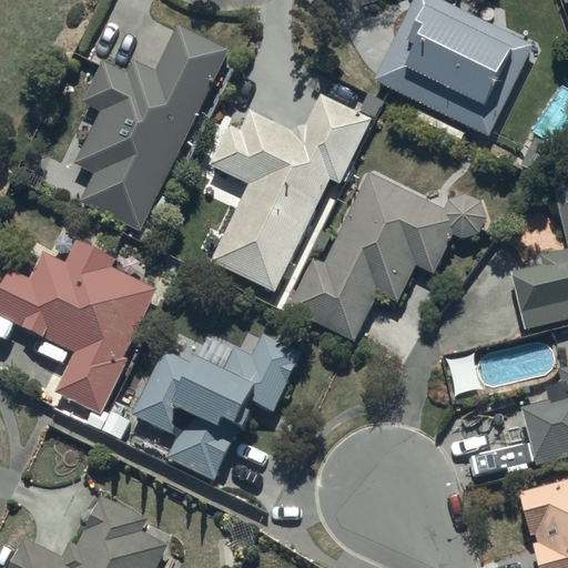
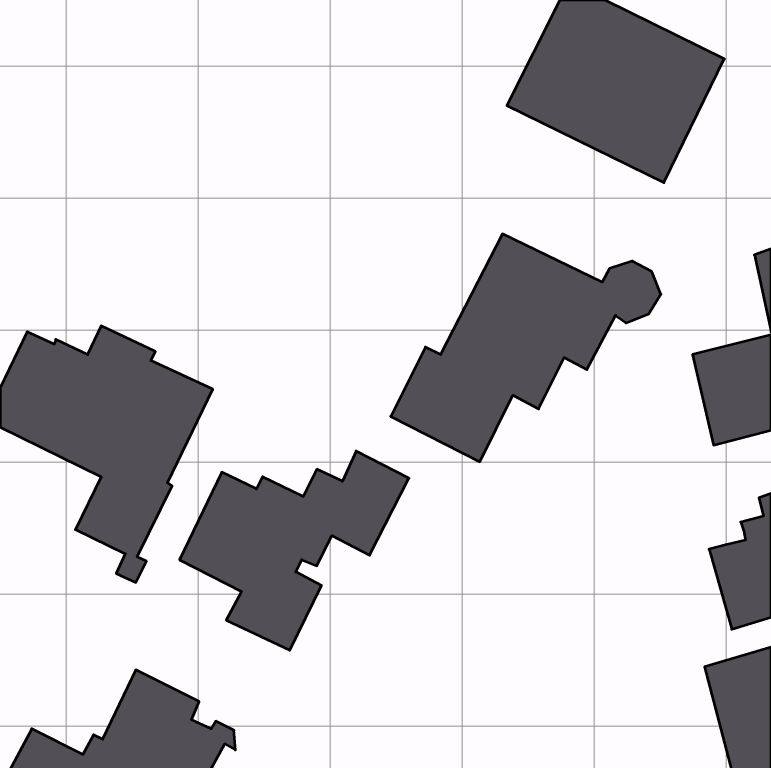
building: [73,24,227,232] -> none
building: [209,93,372,292] -> none

